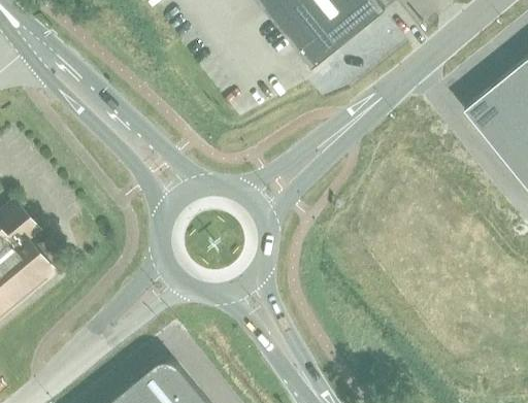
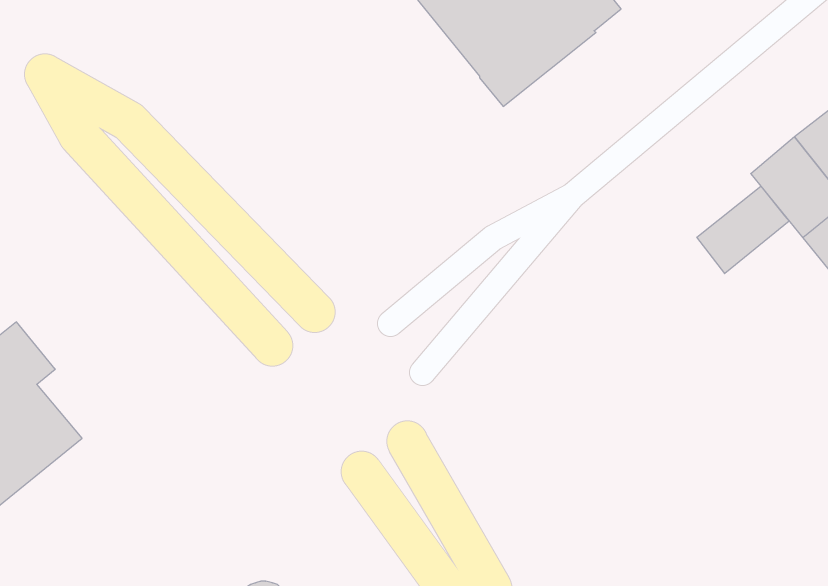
building: none -> [697,186,789,274]

